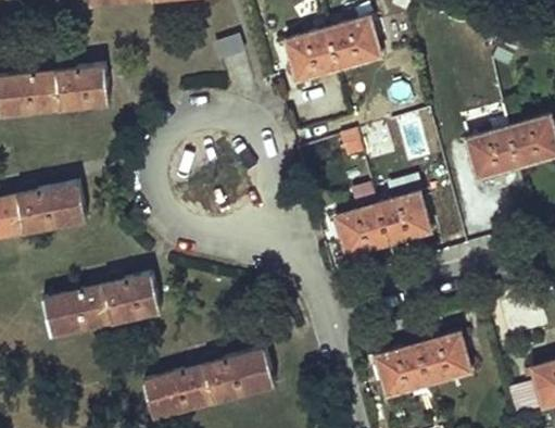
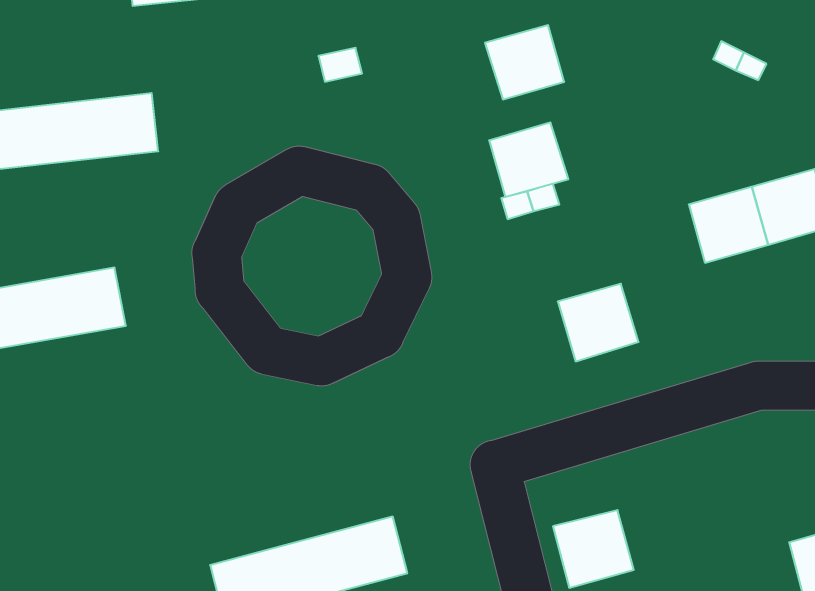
building: [286,30,339,80] -> [489,123,568,197]
building: [335,204,388,256] -> none
building: [41,273,160,336] -> none
building: [416,332,470,385] -> none

